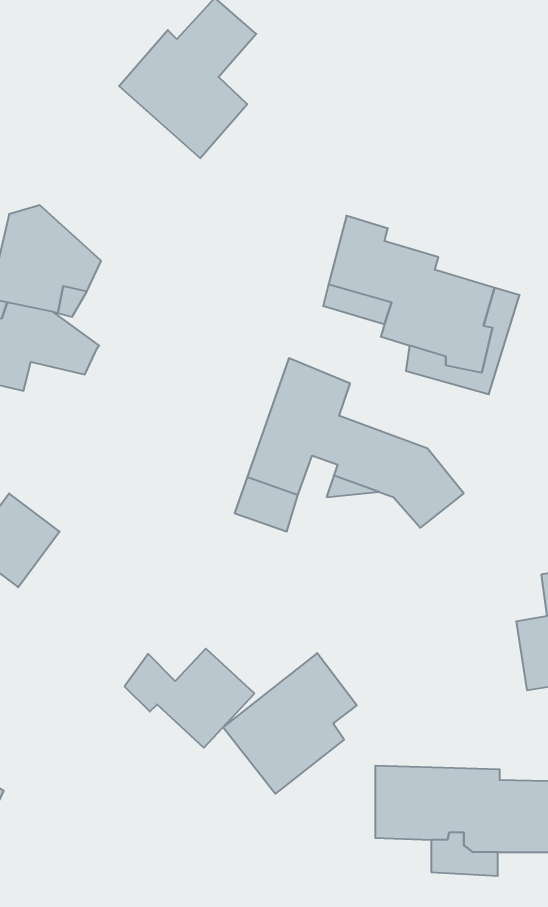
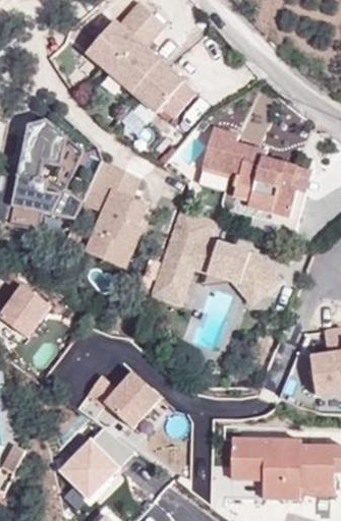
building: none -> [132,62,195,118]
building: none -> [74,158,139,264]
building: [223,653,357,794] -> [60,428,135,508]

